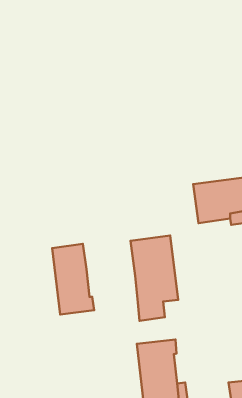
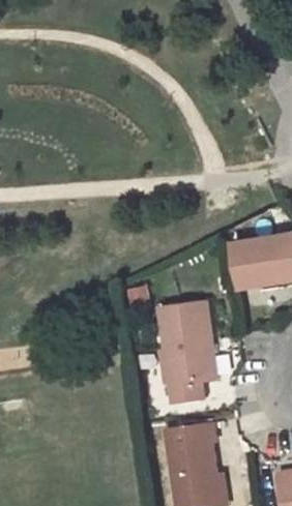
building: [52,244,94,314] -> none

